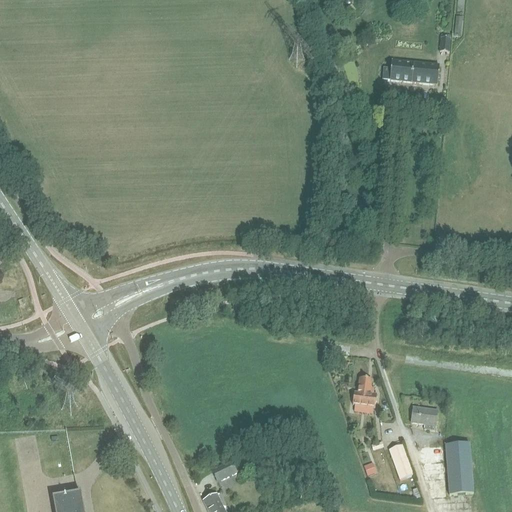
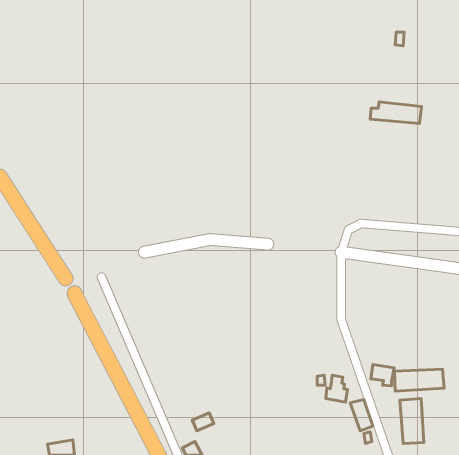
building: [382,59,439,83] -> [370,102,421,124]
building: [353,376,377,406] -> [326,375,347,402]
building: none -> [394,369,444,391]

